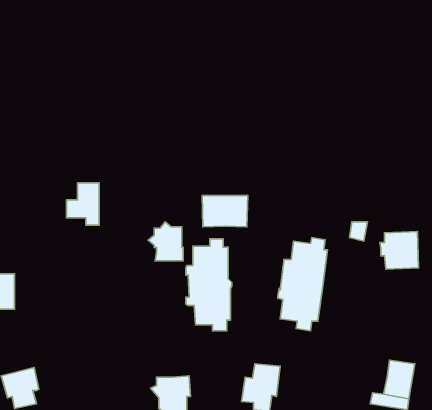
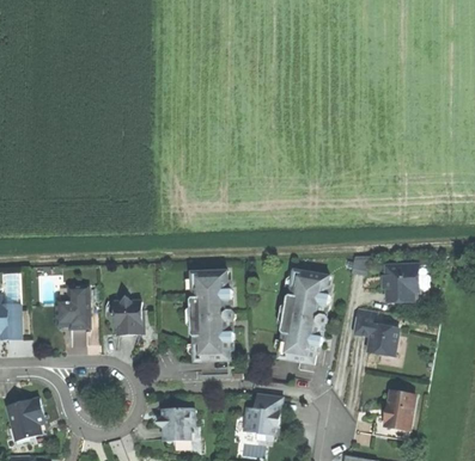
building: [66,183,99,225] -> [55,287,87,328]
building: [202,196,248,227] -> none
building: [148,222,183,261] -> [108,297,142,336]
building: none -> [352,307,396,356]

